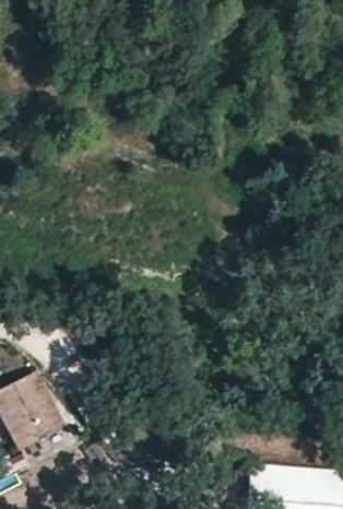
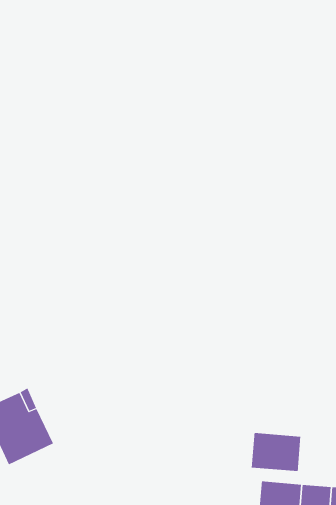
building: none -> [251,432,301,472]

